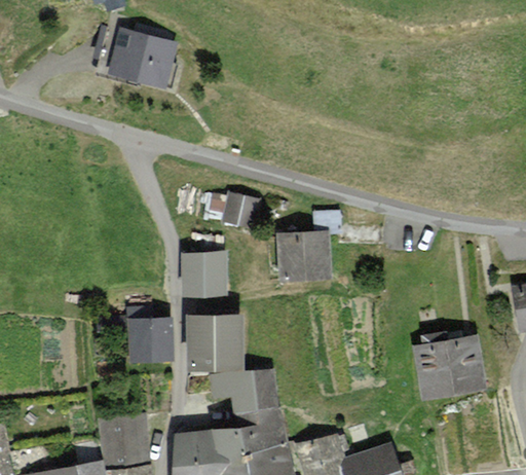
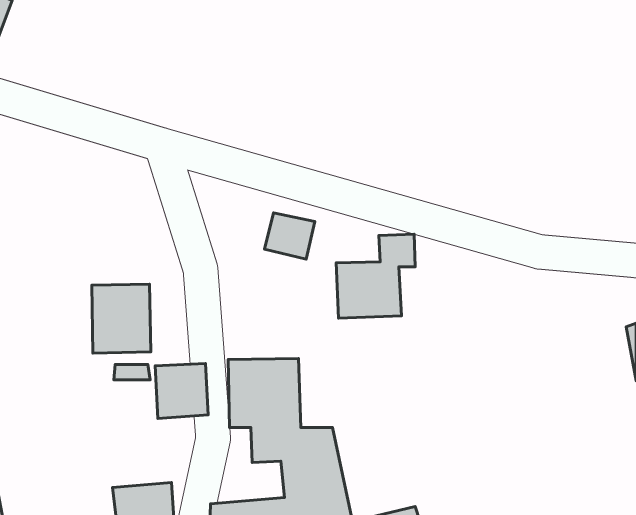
building: [107,27,177,84] -> none
building: [179,251,227,307] -> [92,284,151,353]
building: [412,334,486,398] -> none

